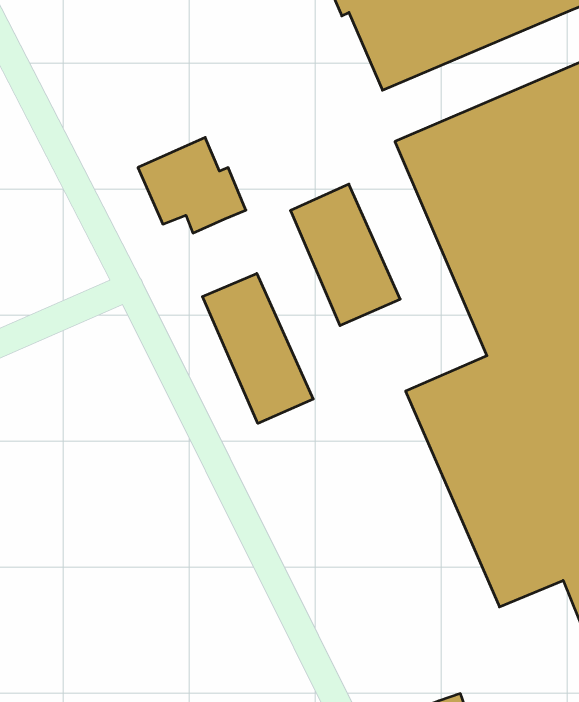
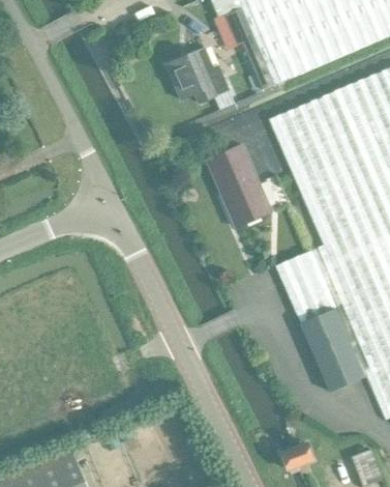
building: [138,137,246,233] -> [168,47,231,103]
building: [202,273,313,423] -> none

